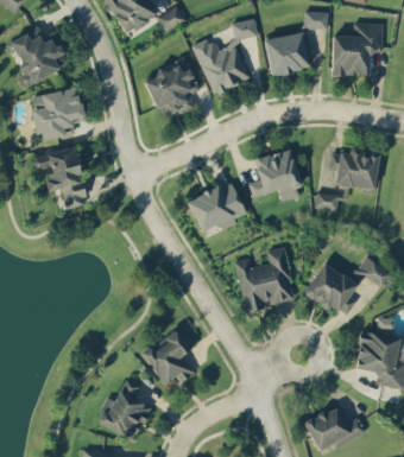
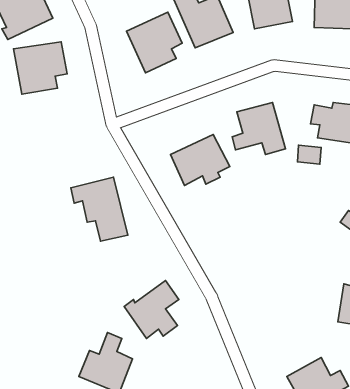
building: [31,146,88,210] -> [71,177,128,241]
building: [234,247,295,313] -> none
building: [303,261,358,315] -> none

